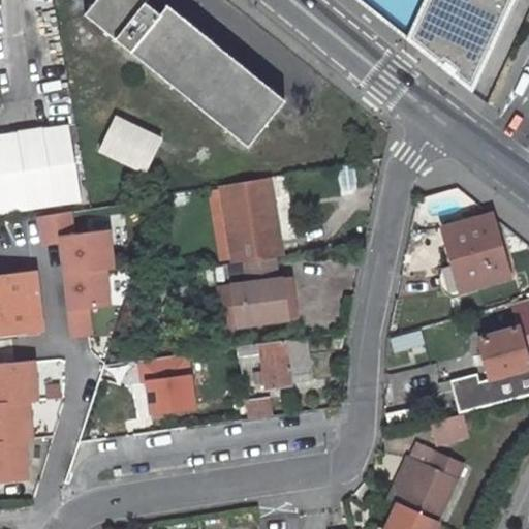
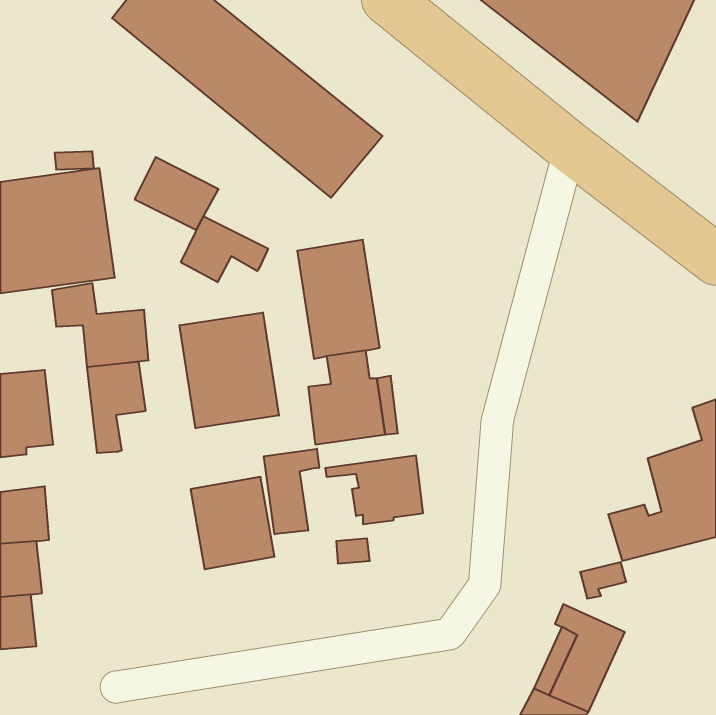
building: none -> [181,216,268,282]
building: [445,214,508,289] -> none
building: none -> [179,312,279,428]
building: none -> [264,449,319,534]

